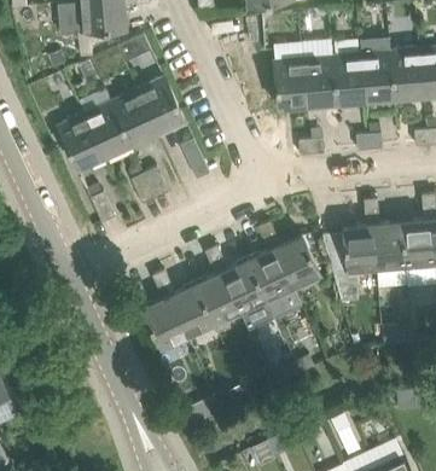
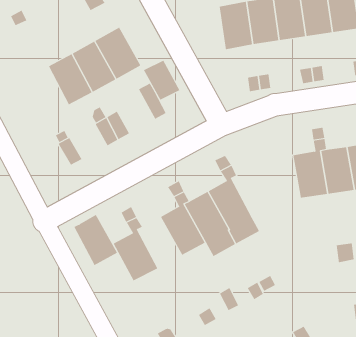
building: [58,115,105,170] -> none
building: none -> [143,60,180,101]
building: [275,236,322,292] -> none
building: [170,285,216,341] -> [74,214,118,266]

